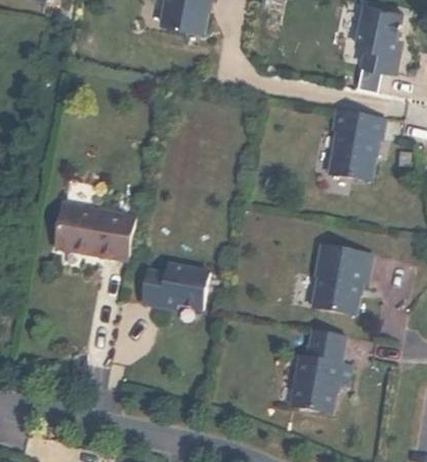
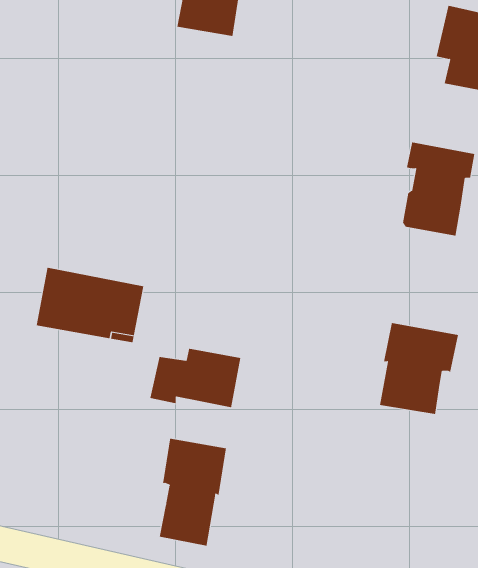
building: [291,329,349,412] -> none
building: none -> [159,438,227,547]

